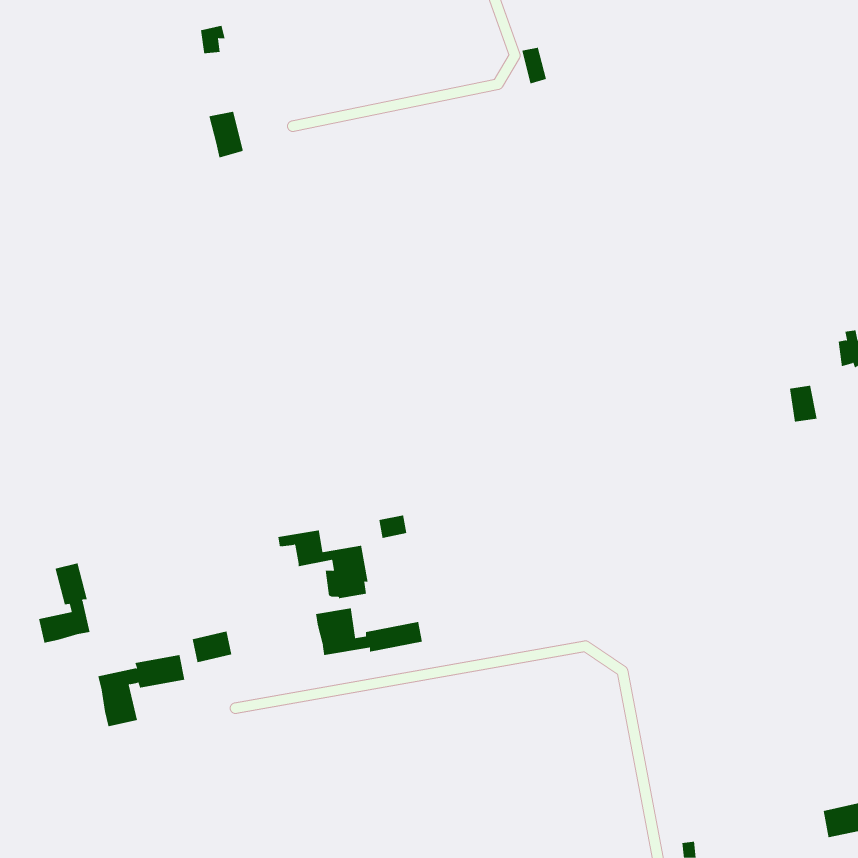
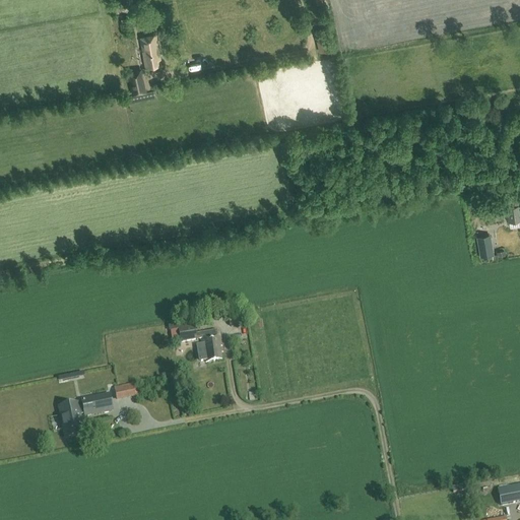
building: none -> [141,34,160,66]
building: [39,563,90,644] -> none
building: [315,608,423,656] -> none

